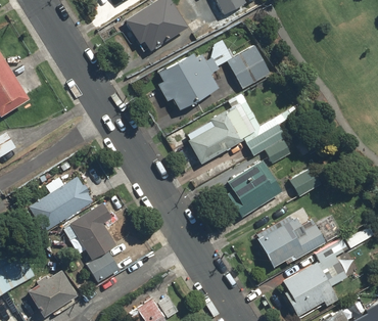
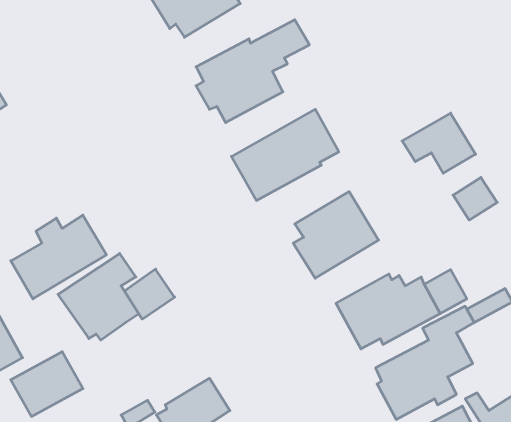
building: [228,46,272,90] -> none
building: [244,124,295,166] -> [402,113,476,173]
building: [289,168,320,197] -> [453,177,497,220]
building: [87,249,122,284] -> [125,269,175,319]

